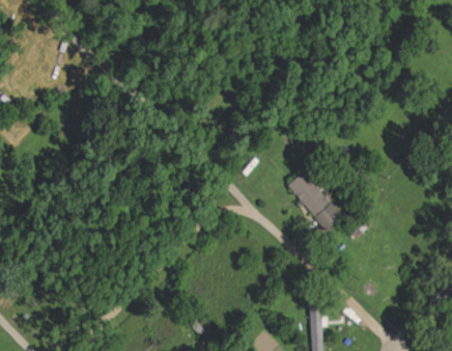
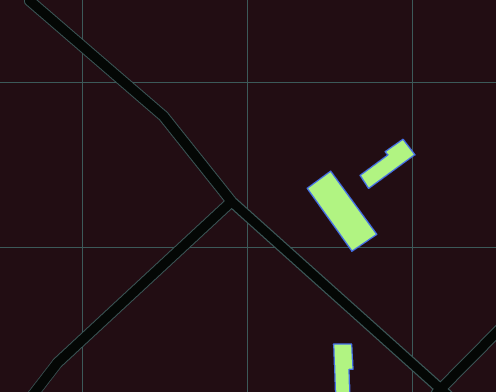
building: none -> [360,139,415,188]

